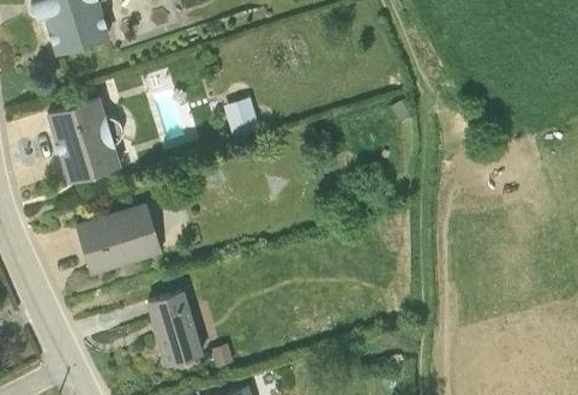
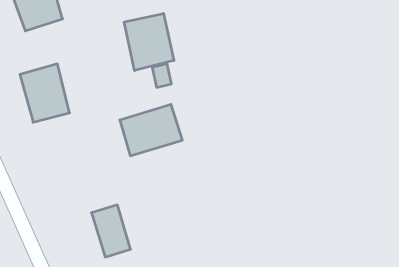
building: none -> [124,13,174,71]
building: [76,203,162,274] -> [120,104,182,156]

